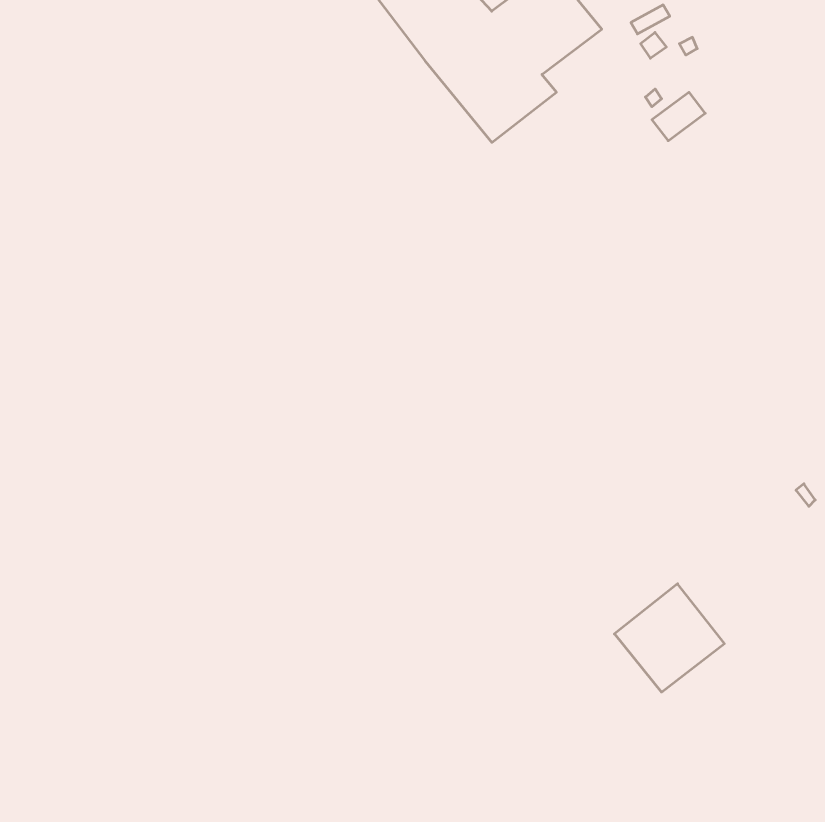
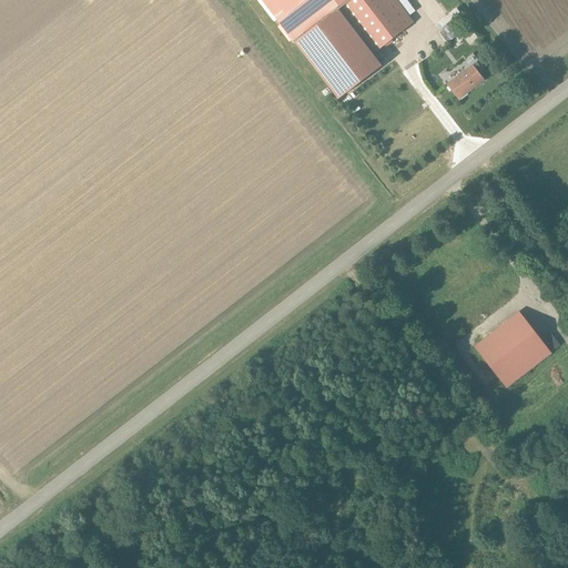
building: [614,584,724,692] -> [476,310,551,384]

